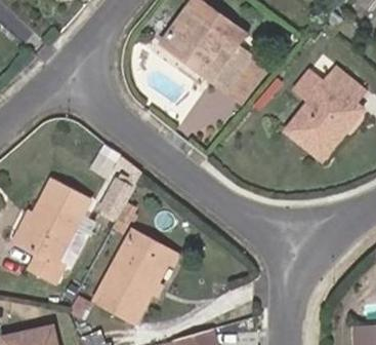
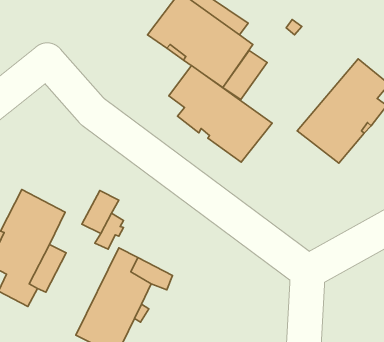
building: none -> [169,66,272,162]

